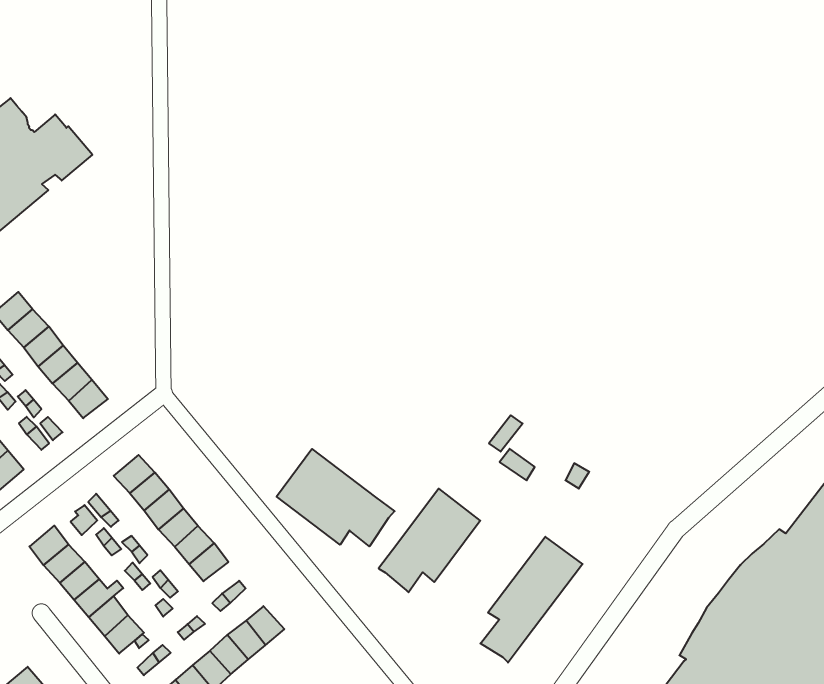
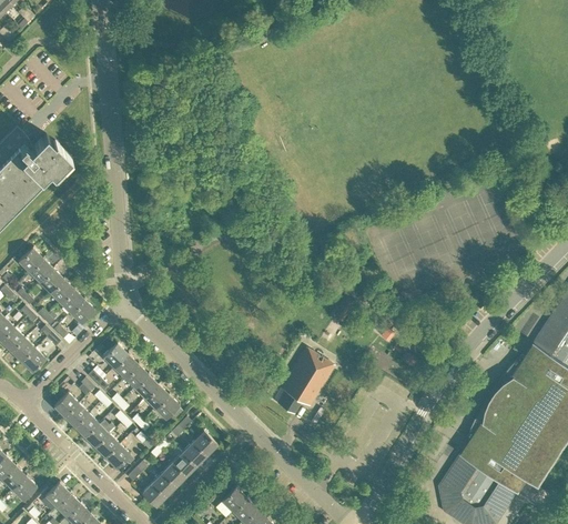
building: [277,449,395,546] -> none
building: [480,537,583,663] -> none

